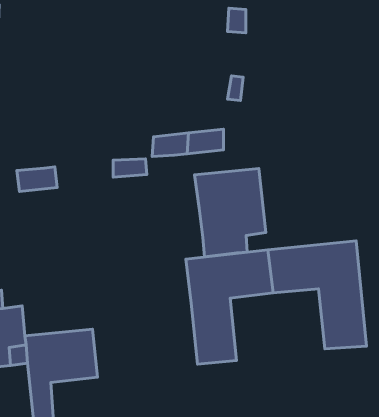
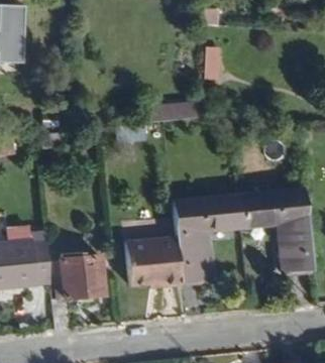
building: [195,168,266,257] -> none
building: none -> [125,236,182,287]

